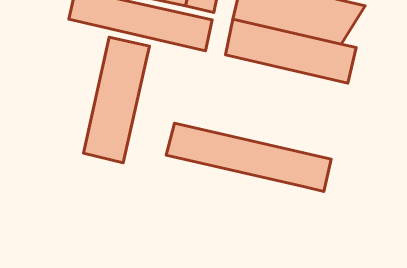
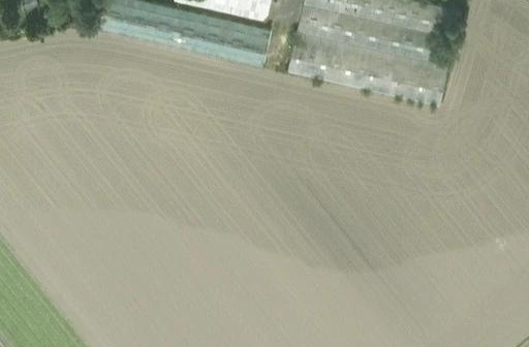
building: [83,37,149,163] -> none
building: [166,123,331,191] -> none

